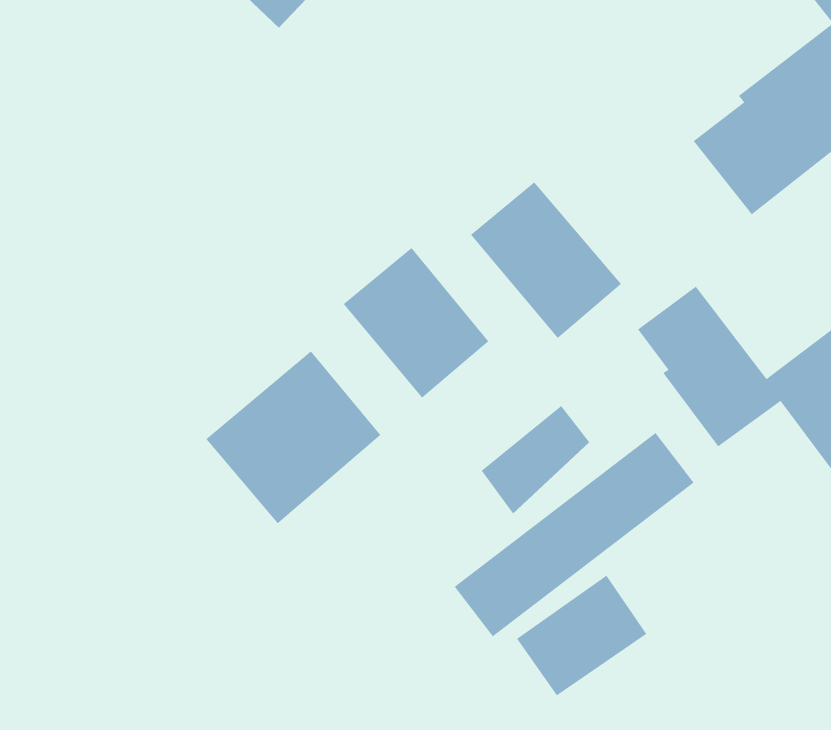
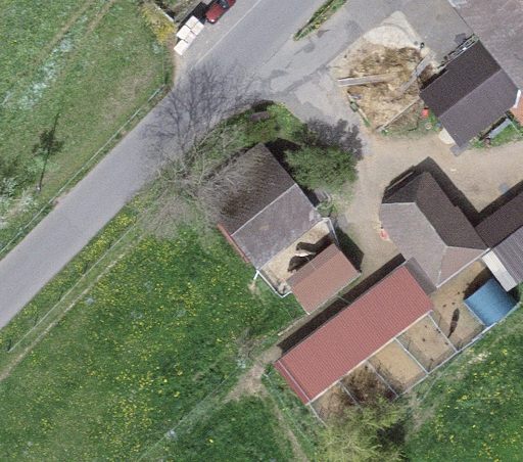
building: [470,182,622,339] -> none
building: [205,350,381,524] -> none

